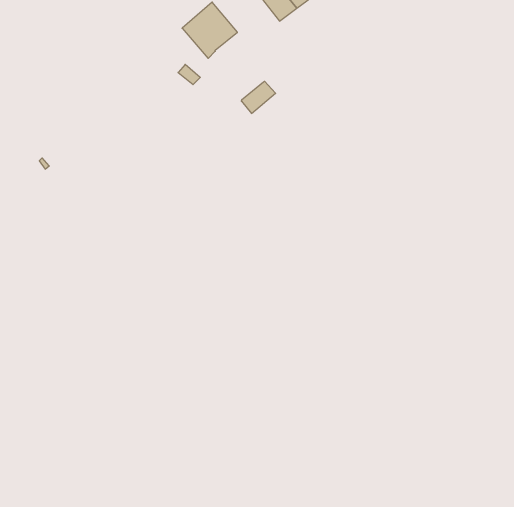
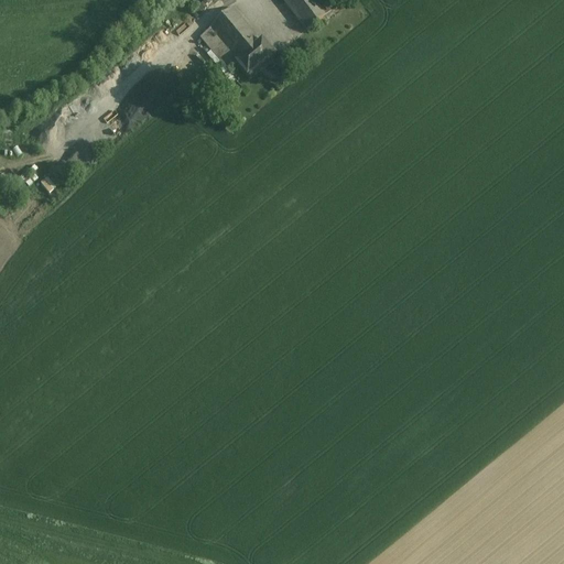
building: [241,81,276,113] -> [236,34,273,69]

